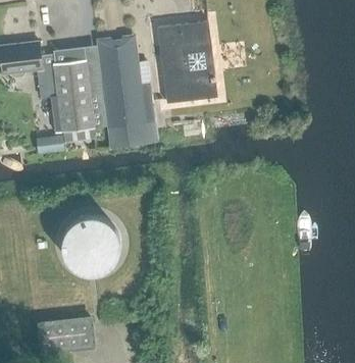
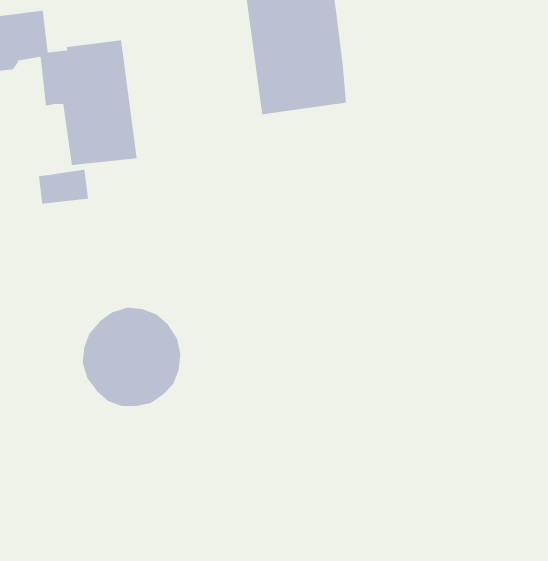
building: [98,41,156,147] -> none
building: [38,317,93,351] -> none

